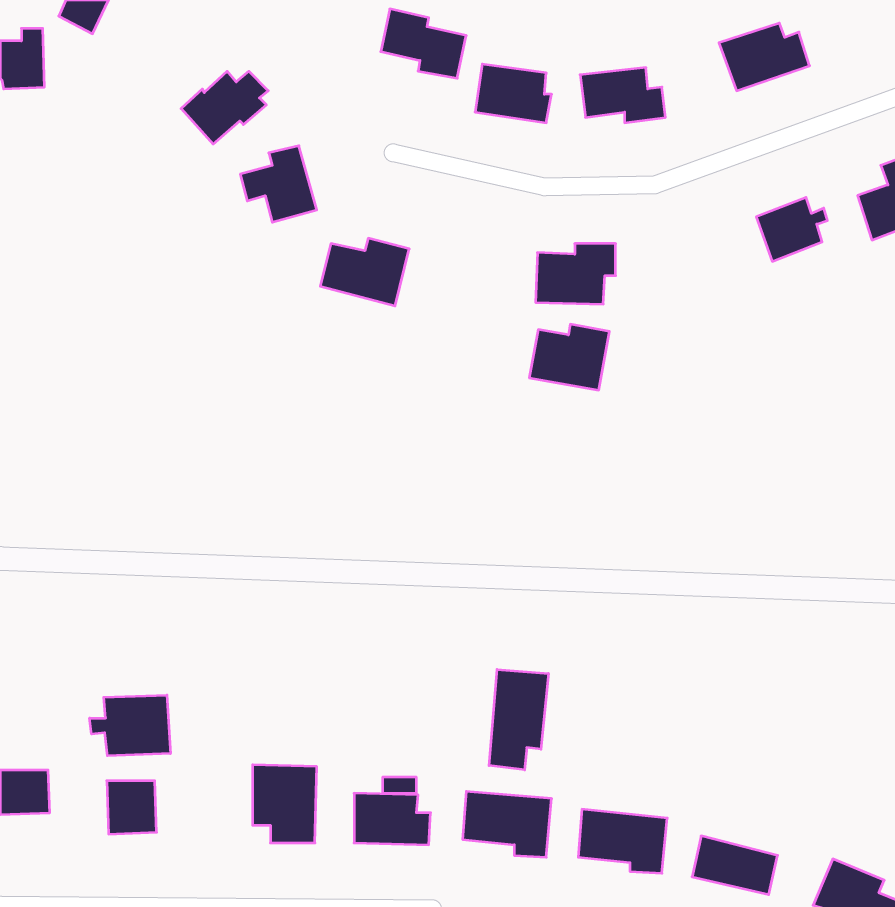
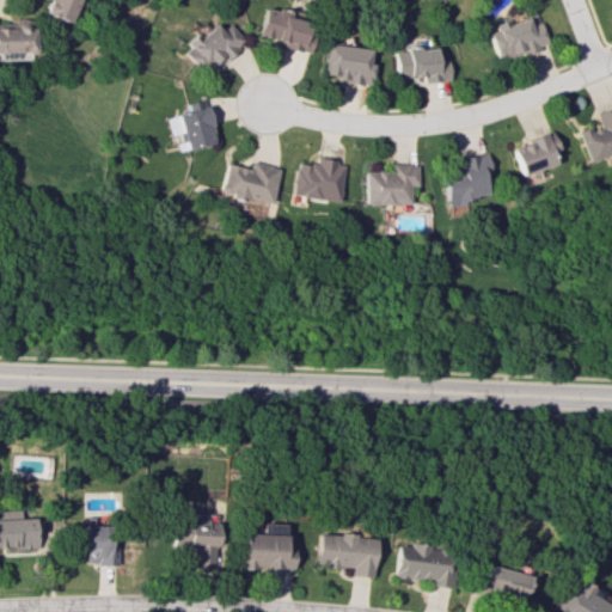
building: [181,71,268,144] -> [190,25,249,74]
building: none -> [447,154,497,204]
building: [529,324,609,390] -> [296,159,350,203]
building: [489,669,548,770] -> none
building: [90,695,170,756] -> none

